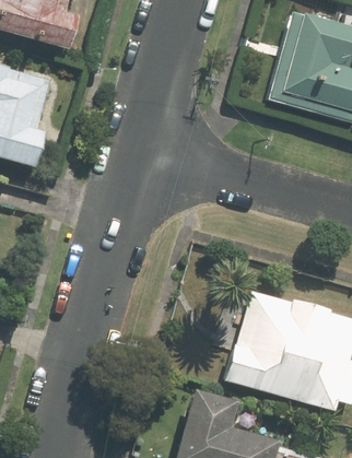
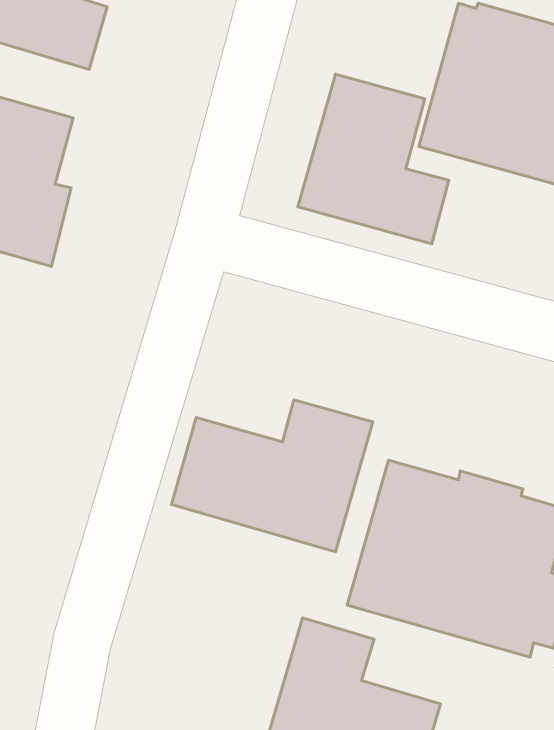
building: none -> [298,74,449,244]
building: none -> [171,400,373,552]

